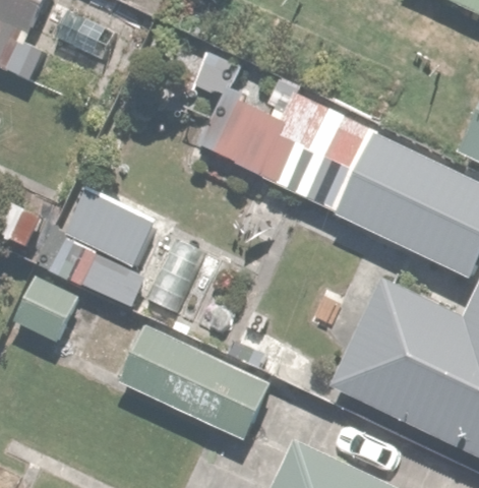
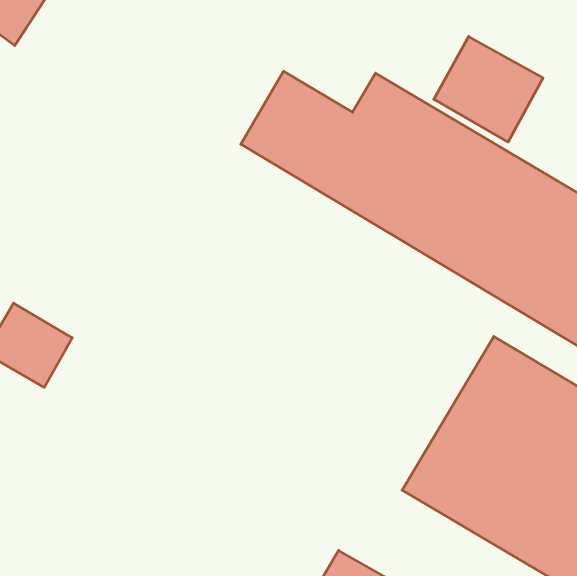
building: [40,186,181,312] -> none
building: [120,324,275,438] -> none

